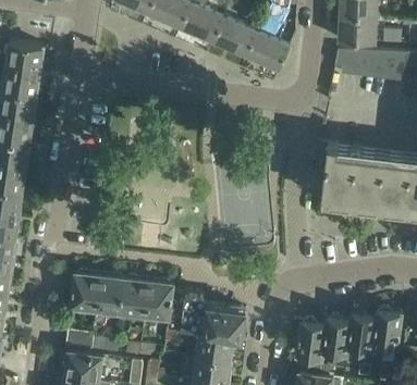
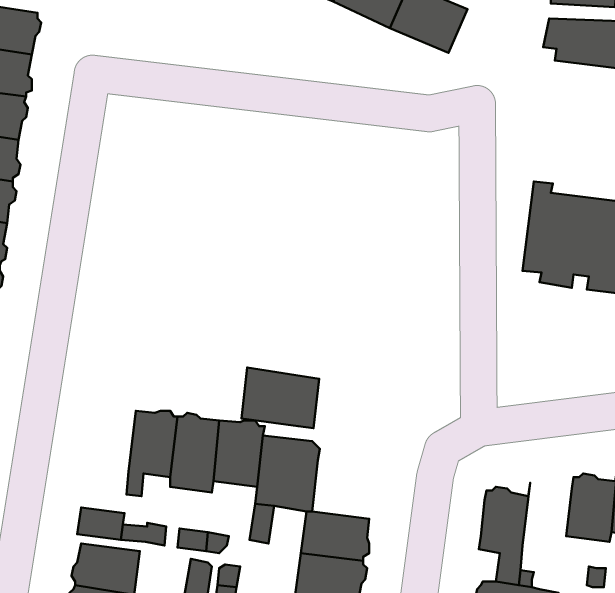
building: [71,271,100,310] -> none
building: [201,303,246,338] -> [241,367,319,428]
building: [322,315,351,356] -> none

